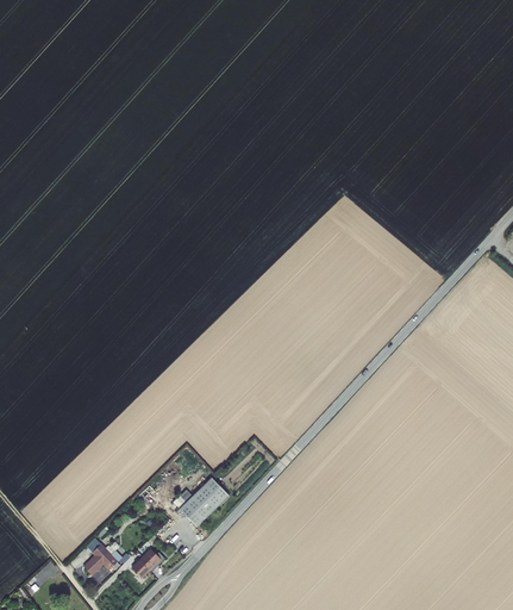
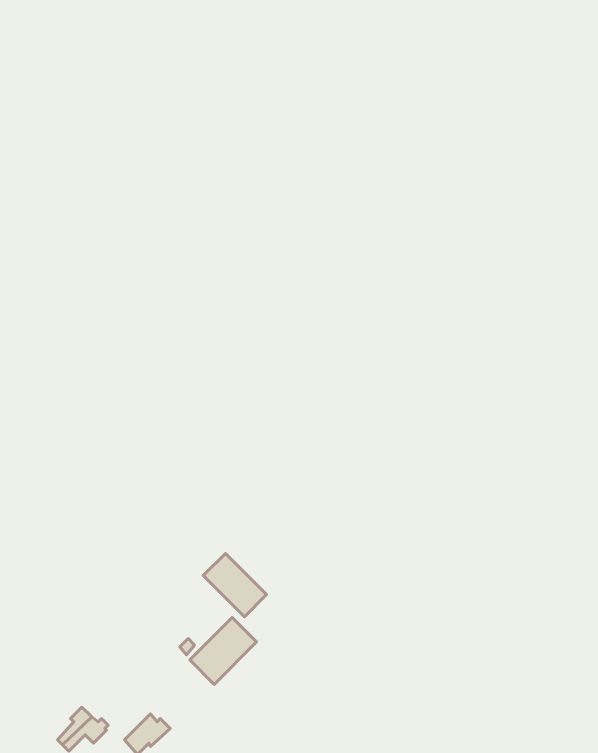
building: none -> [203,553,267,617]

